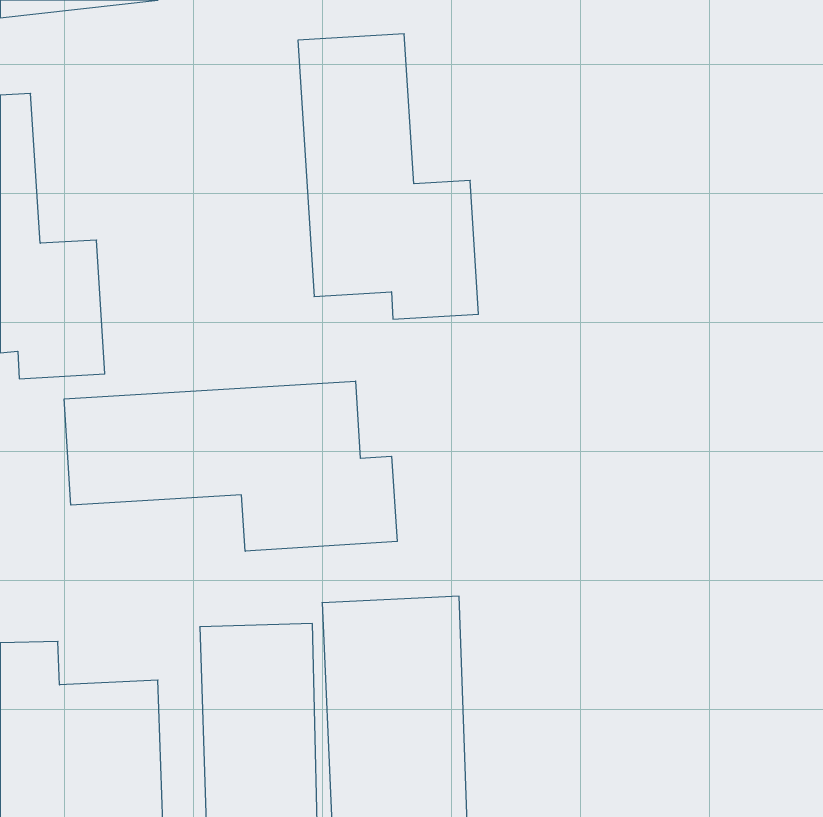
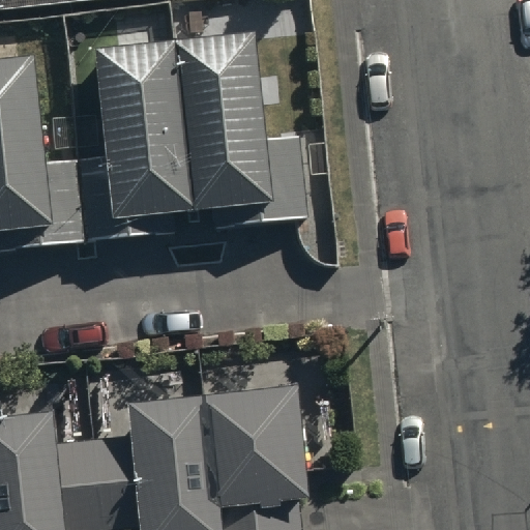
building: none -> [88,26,193,220]
building: [64,381,397,551] -> none

